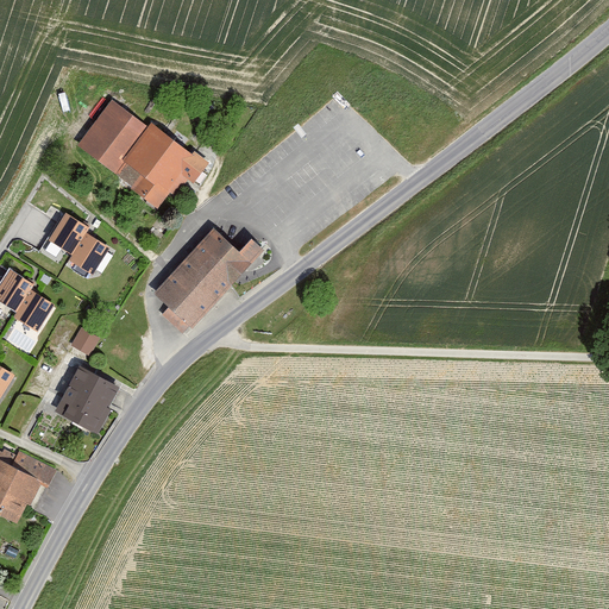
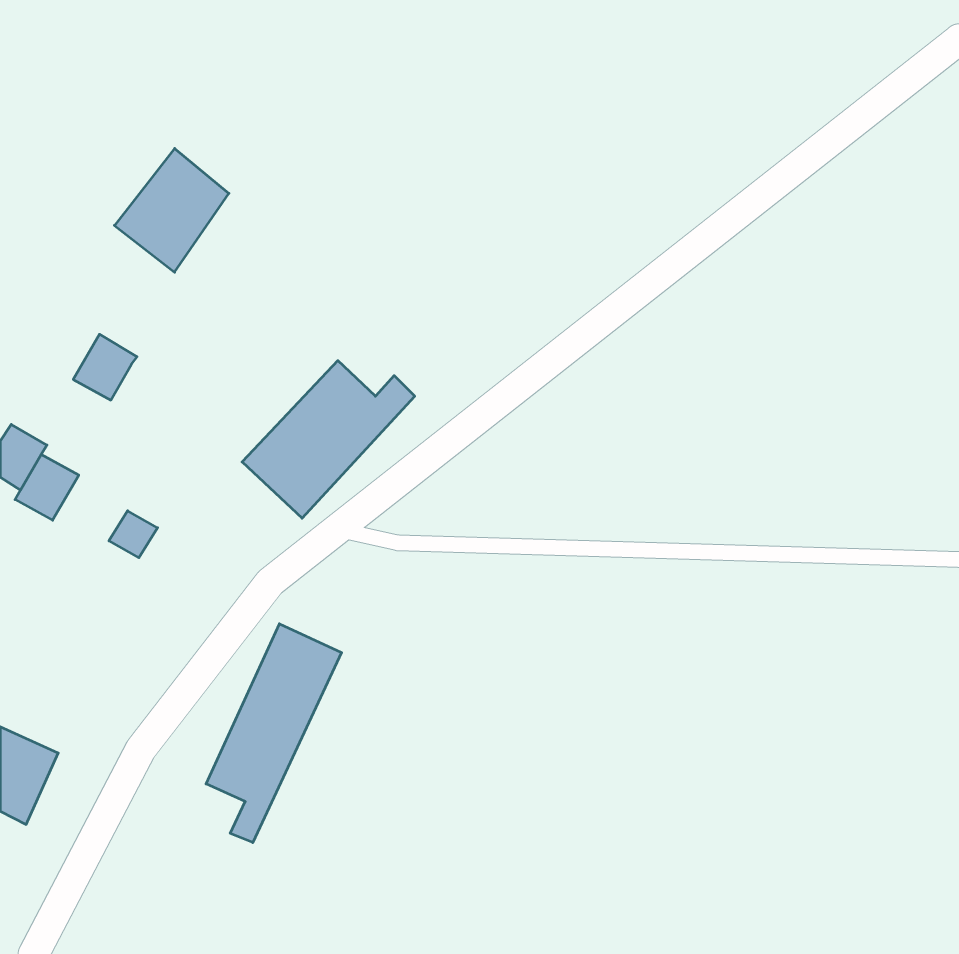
building: [111,119,206,206] -> none
building: [67,231,107,272] -> none
building: [51,366,117,433] -> none
building: none -> [206,624,342,843]

